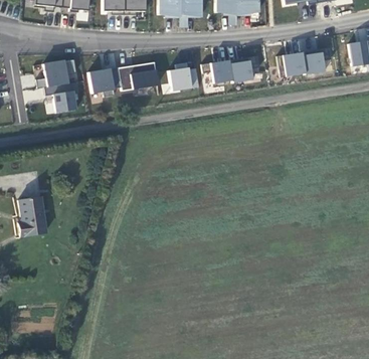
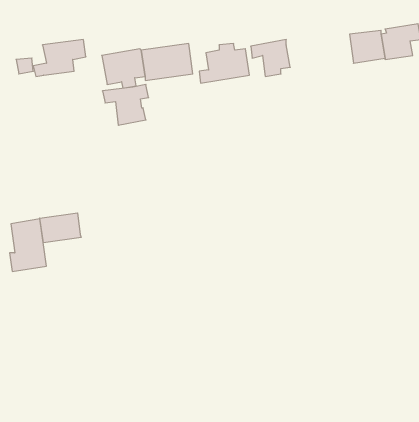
building: [229,54,259,81] -> none
building: [44,80,79,112] -> [102,84,149,125]
building: none -> [40,213,81,243]

